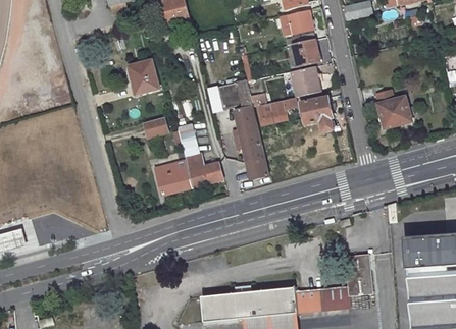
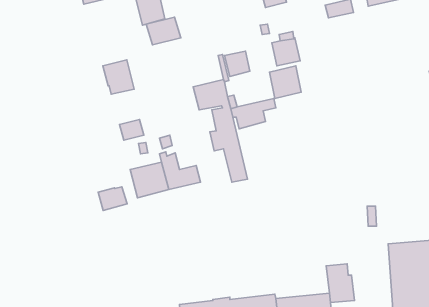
building: [288,9,312,34] -> [225,51,250,76]
building: none -> [146,17,181,45]
building: [374,89,411,129] -> none
building: [299,96,333,131] -> none
building: none -> [98,187,127,211]

